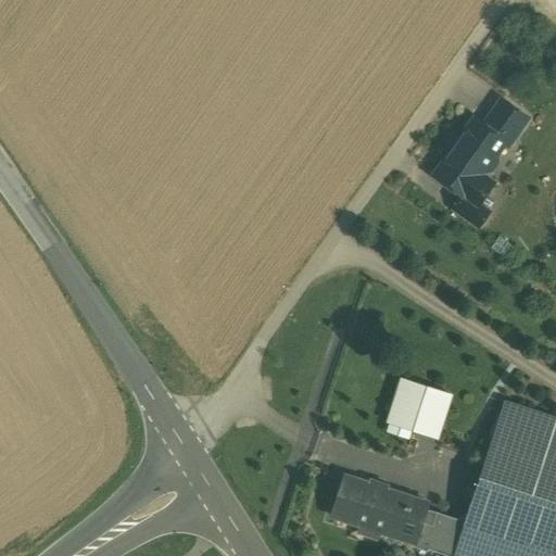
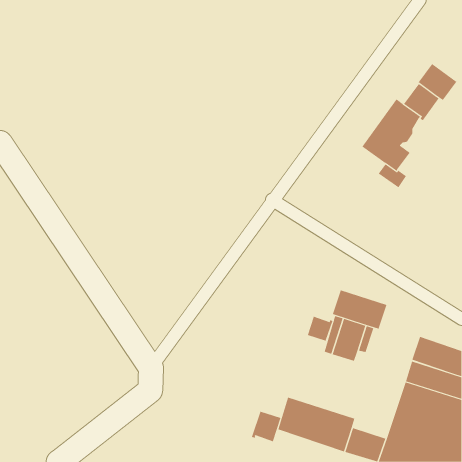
building: none -> [418,63,457,101]
building: none -> [332,290,387,329]
building: none -> [307,316,333,342]
building: none -> [251,411,281,442]

